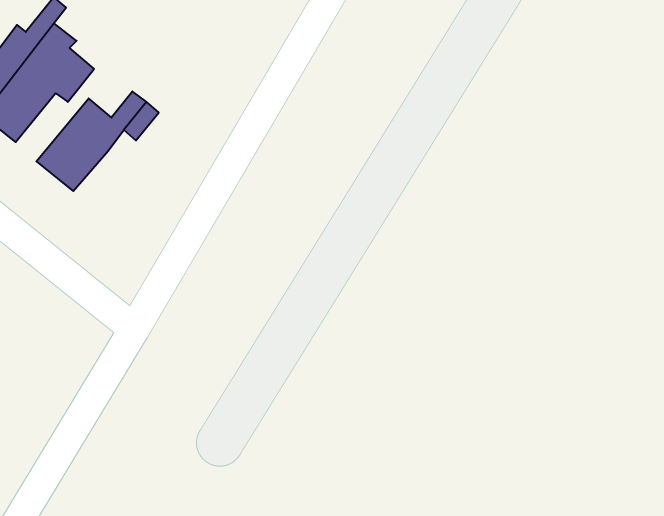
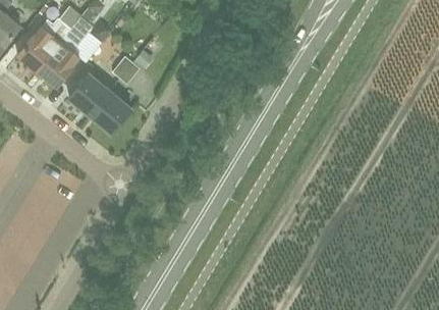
building: none -> [89,91,130,133]

